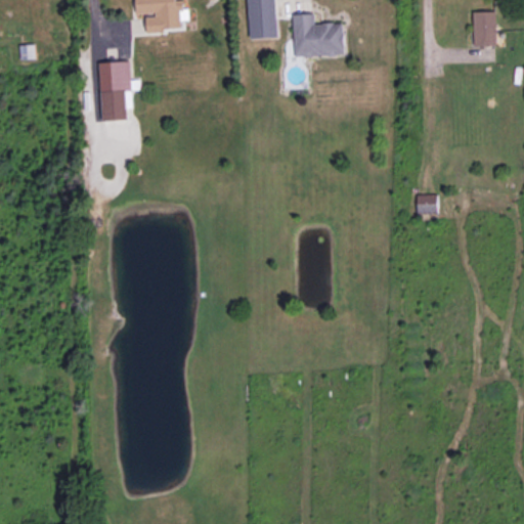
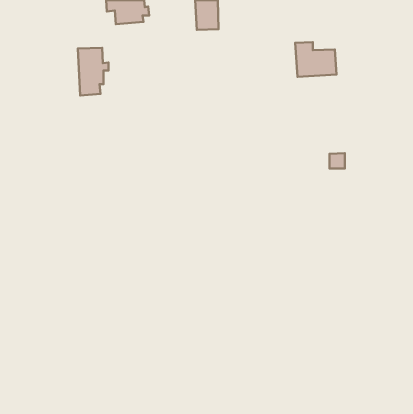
building: [472,10,495,44] -> none
building: [292,12,344,56] -> [295,42,336,77]

